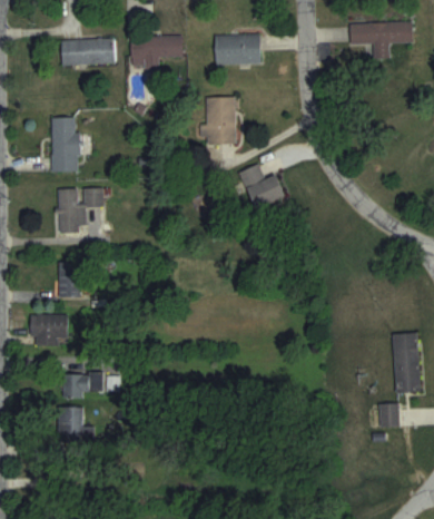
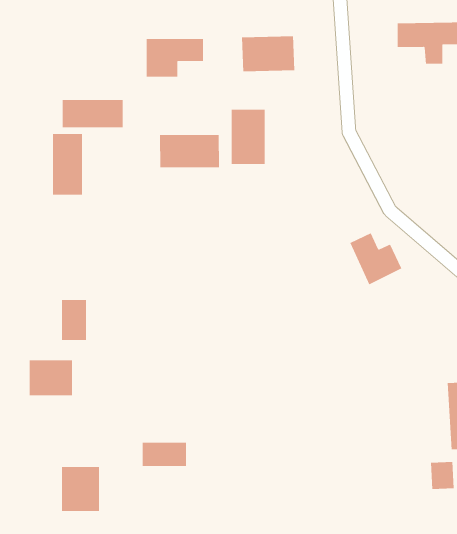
building: [61,39,115,63] -> [62,100,124,128]
building: none -> [160,134,219,168]
building: [239,164,285,209] -> [349,232,402,285]
building: [58,189,100,234] -> none
building: [63,374,102,395] -> [142,442,187,466]

